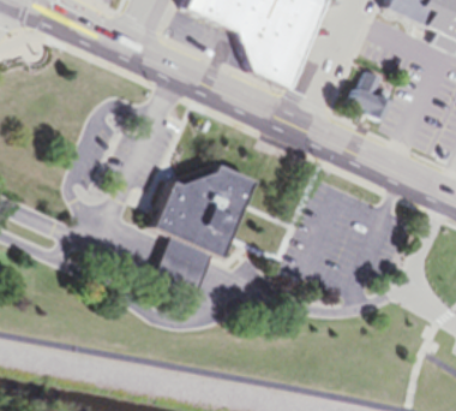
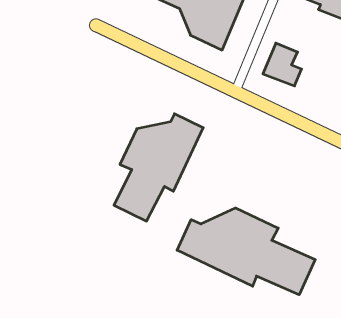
building: none -> [177,208,315,295]

